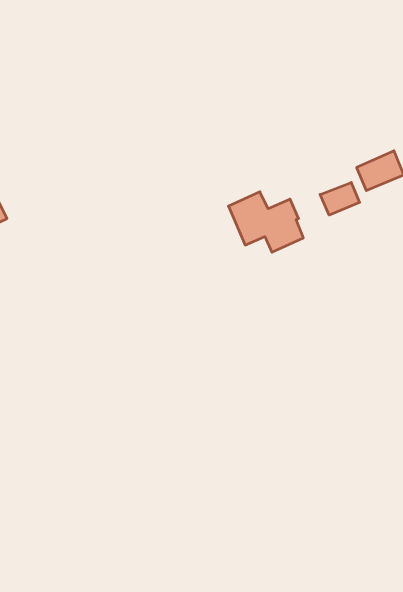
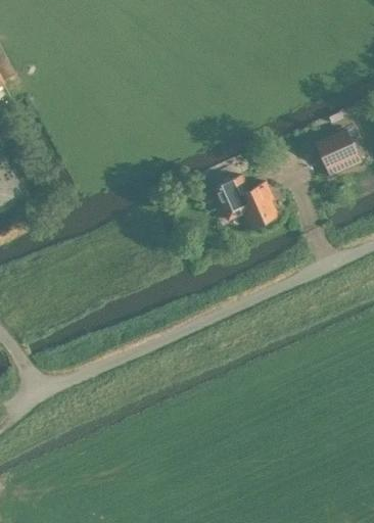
building: [320,182,360,215] -> none

